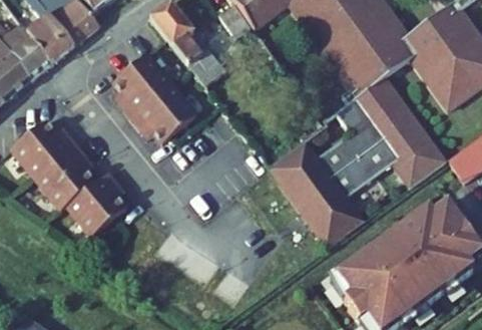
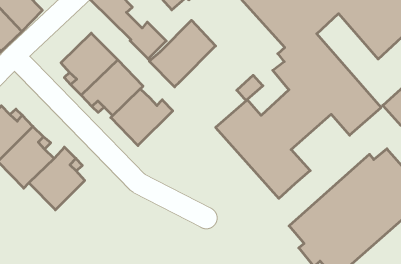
building: none -> [149,20,216,87]
building: none -> [111,89,173,146]

